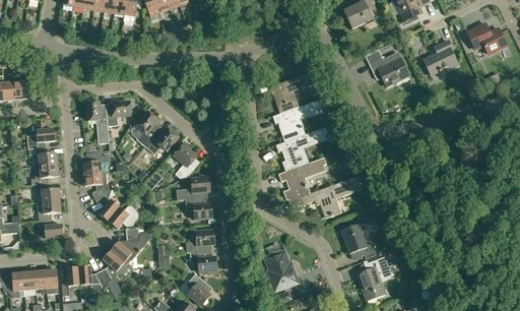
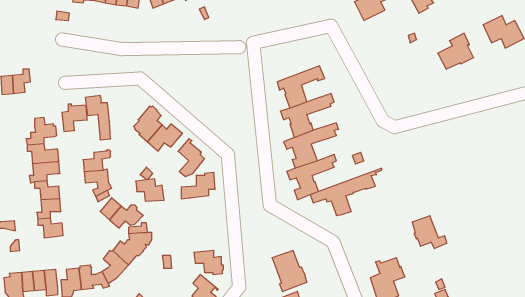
building: [369,57,409,86] -> none
building: [106,100,130,126] -> [62,104,87,131]
building: [185,197,212,219] -> [136,179,164,201]
building: [341,224,375,255] -> [412,216,447,248]
building: [189,230,214,252] -> none

